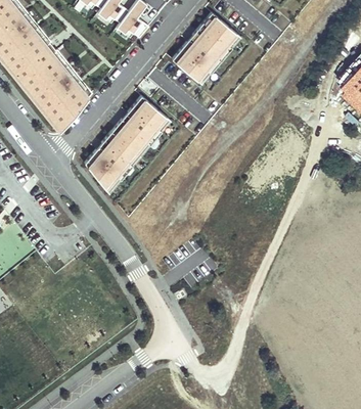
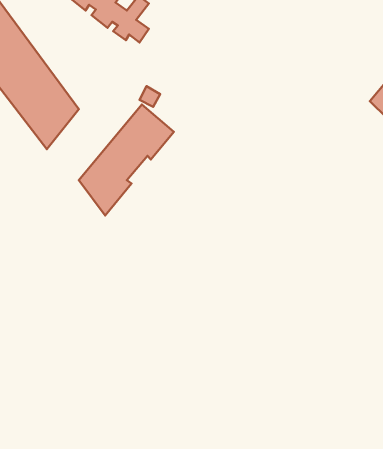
building: [173,13,240,83] -> none

